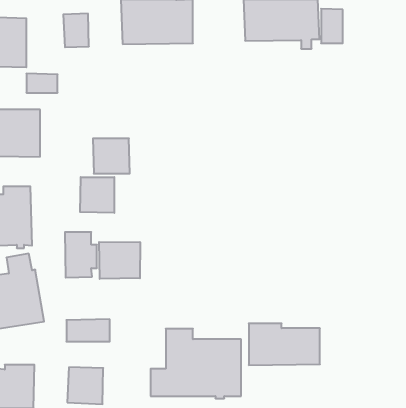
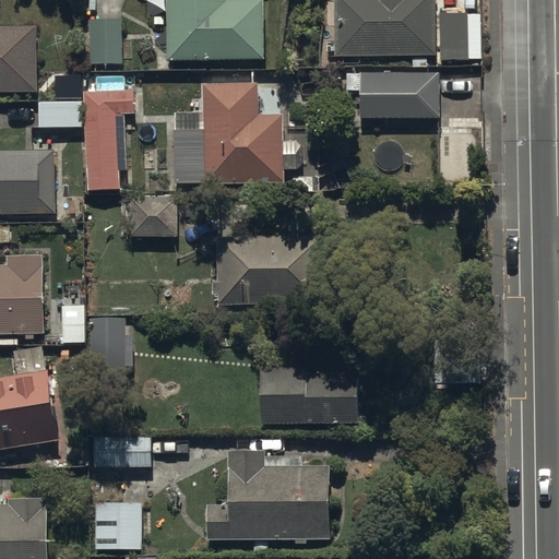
building: none -> [344,72,439,118]
building: none -> [174,83,300,183]
building: none -> [81,90,132,189]
building: none -> [217,236,329,304]
building: [80,177,114,213] -> none
building: [99,242,140,279] -> none
building: [249,323,320,365] -> [261,367,358,424]

